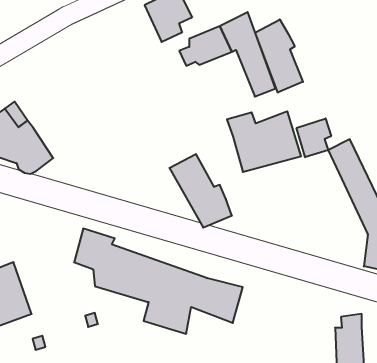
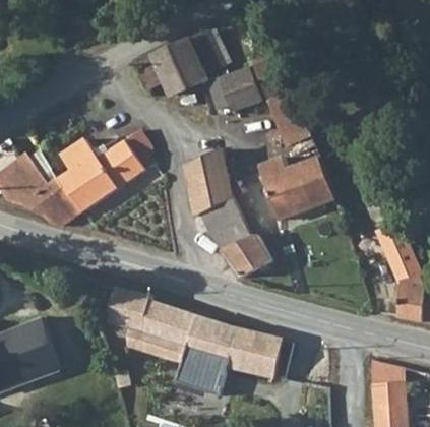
building: none -> [157,51,193,98]
building: [255,19,303,93] -> none
building: none -> [62,128,152,207]
building: none -> [184,158,234,220]
building: [297,118,331,157] -> none

